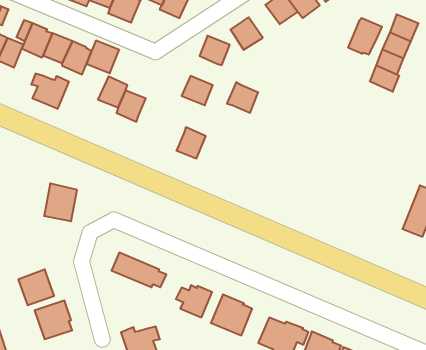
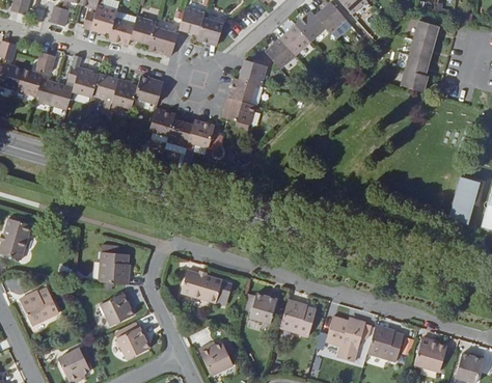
building: none -> [281,23,311,54]
building: [348,18,382,55] -> none
building: [31,73,69,109] -> none
building: [227,82,258,113] -> [228,76,256,103]
building: [176,127,206,158] -> [189,118,215,146]
building: [44,183,77,221] -> [101,253,129,286]

